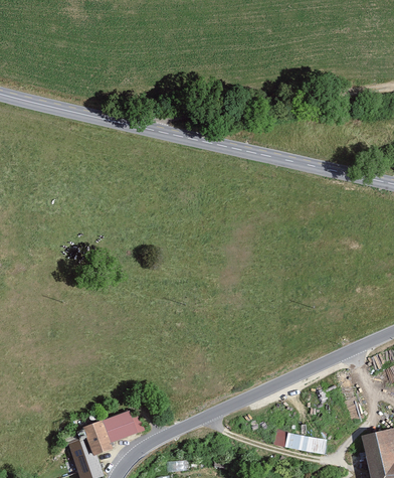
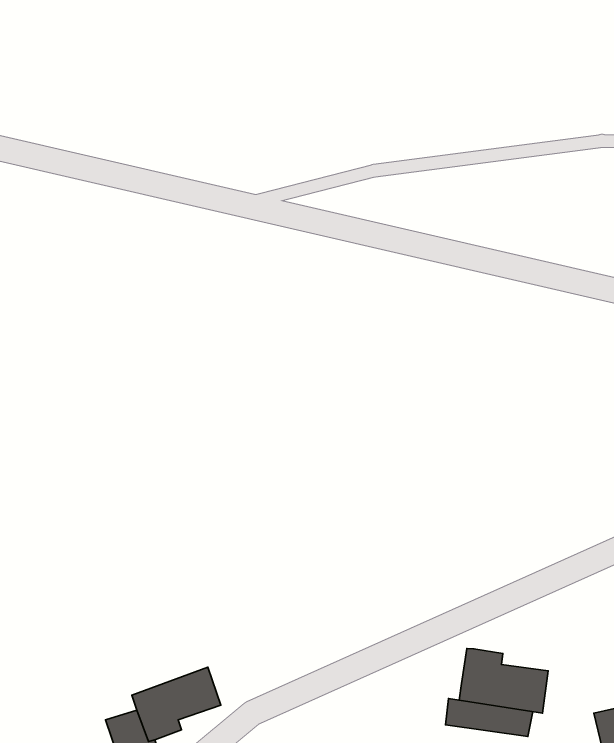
building: none -> [459,649,548,713]

